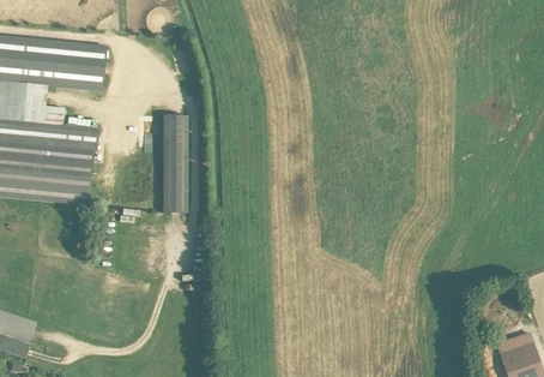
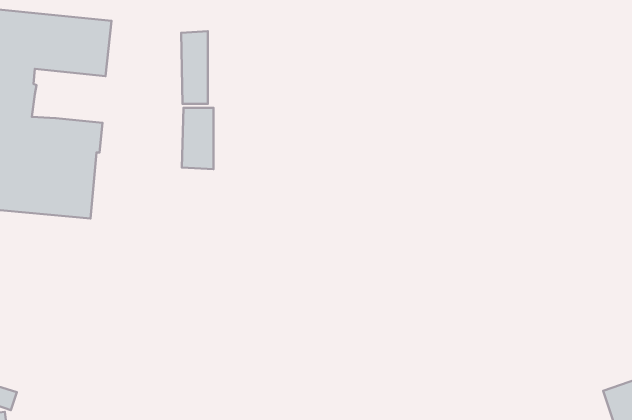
building: none -> [181,31,208,104]
building: [162,162,187,211] -> none

